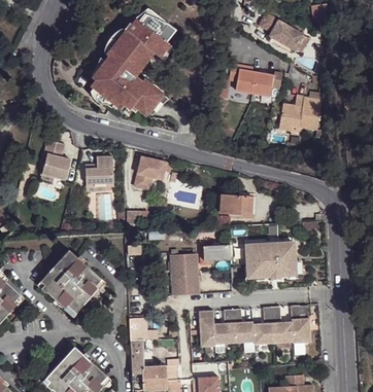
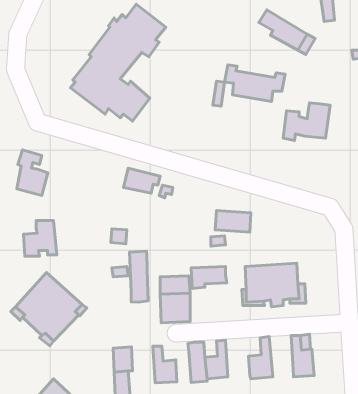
building: [86,157,115,189] -> [24,221,57,256]
building: none -> [129,251,148,302]
building: [269,308,291,344] -> none
building: [230,311,251,344] -> [153,346,177,383]

